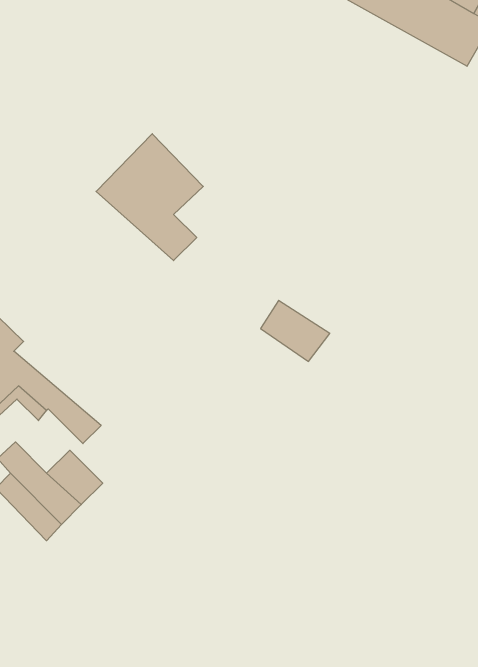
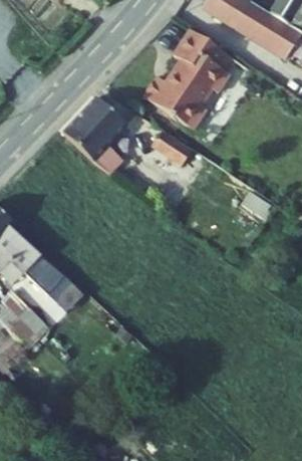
building: none -> [146,30,231,129]
building: [261,300,330,361] -> [150,132,193,169]

